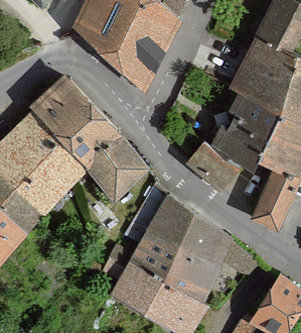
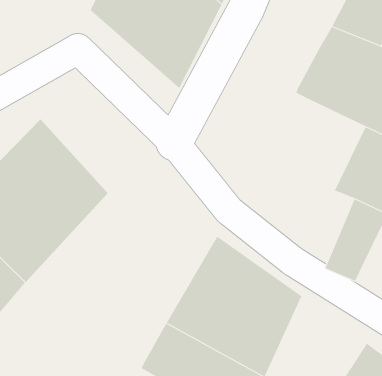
building: [35,78,144,197] -> none
building: [210,93,280,171] -> none
building: [187,143,234,189] -> none

